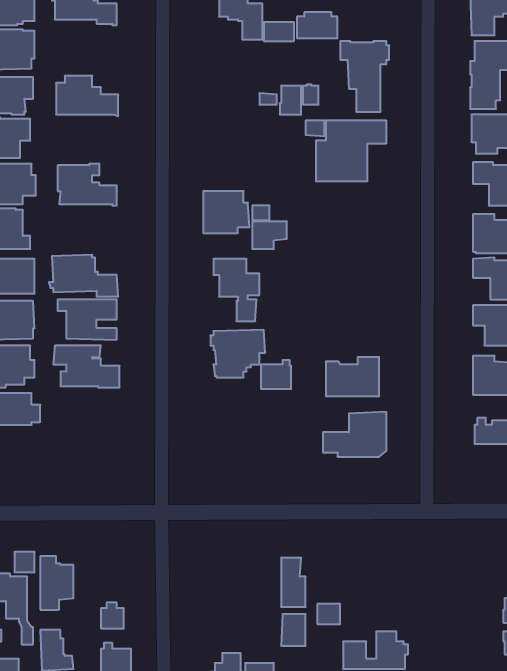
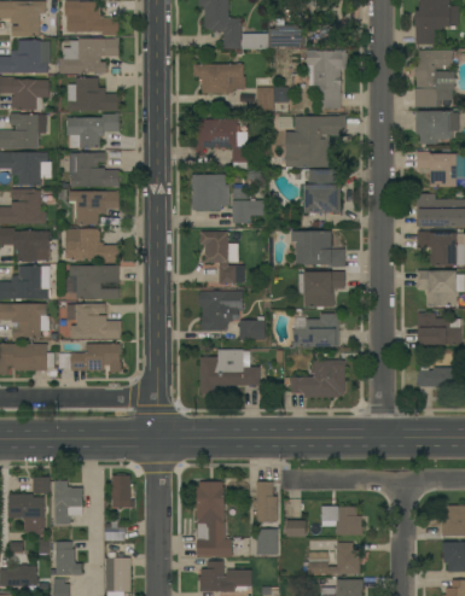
building: none -> [59,37,118,74]
building: none -> [193,64,245,93]
building: none -> [65,113,118,147]
building: none -> [196,119,248,169]
building: none -> [300,170,341,212]
building: none -> [69,191,118,224]
building: none -> [291,232,344,267]
building: none -> [298,271,344,306]
building: none -> [58,344,121,372]
building: none -> [199,350,260,393]
building: none -> [111,475,129,507]
building: none -> [197,481,232,556]
building: none -> [320,506,362,536]

